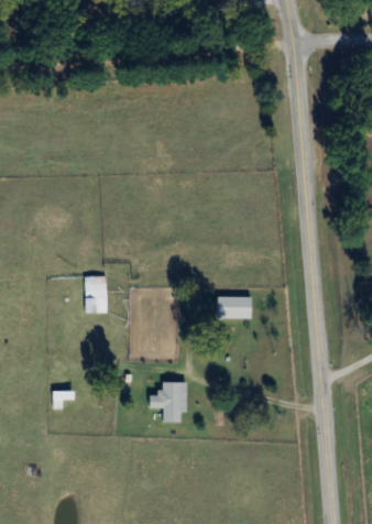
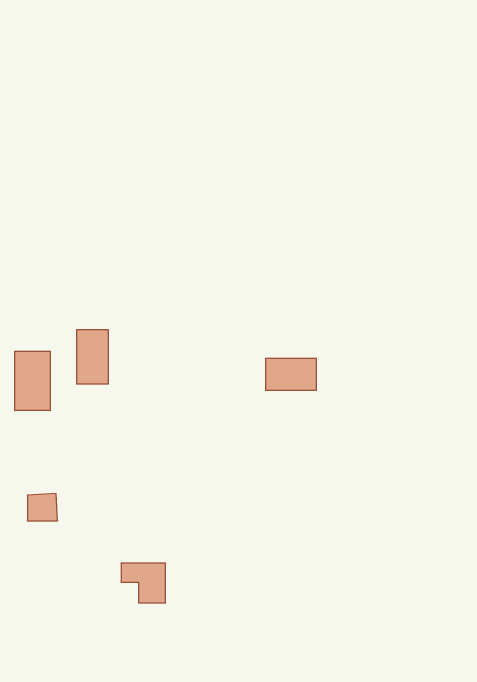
building: none -> [15,351,50,411]
building: [150,394,180,422] -> [121,563,166,603]

